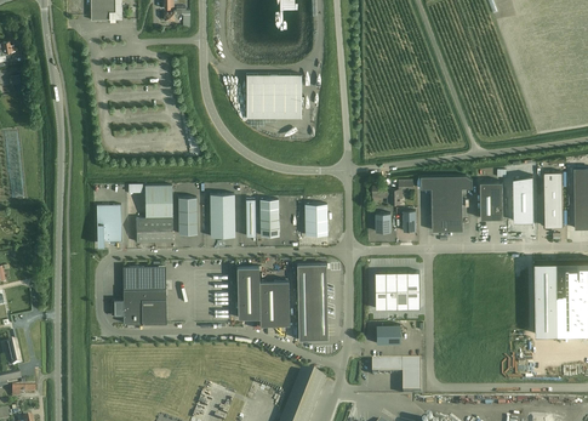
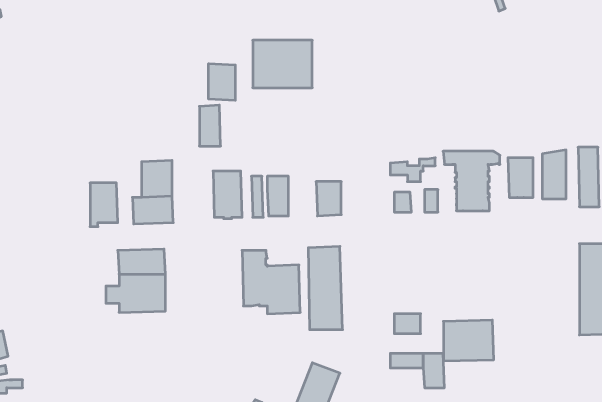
building: none -> [209,64,235,100]
building: [177,197,196,234] -> [199,105,221,146]
building: [373,272,419,309] -> [443,320,494,361]

